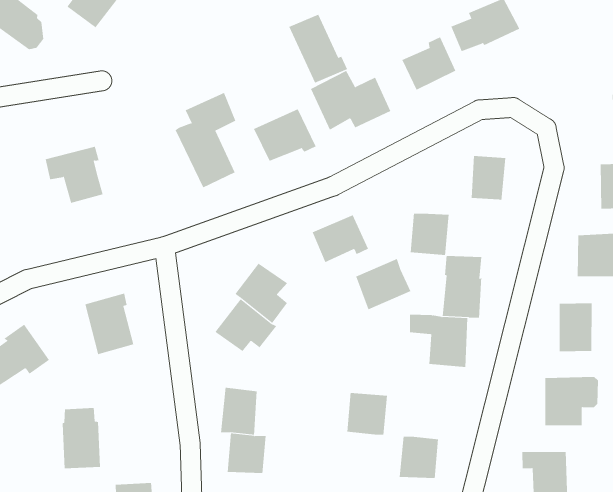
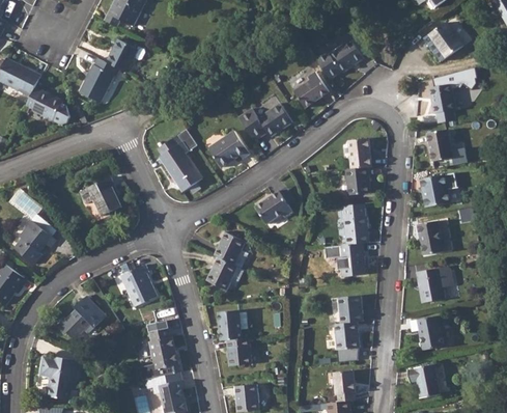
building: [288,14,348,84] -> none
building: [410,213,450,256] -> [346,166,371,194]
building: [356,258,411,310] -> none
building: [346,392,388,435] -> [338,296,364,323]
building: [62,408,101,469] -> [150,328,179,369]

